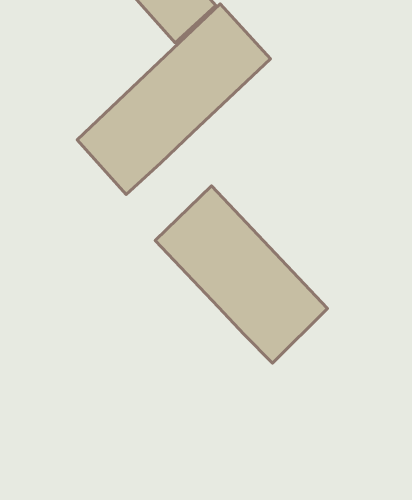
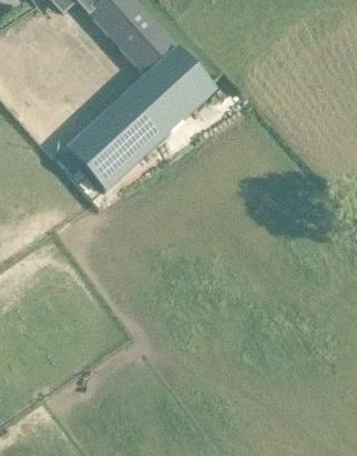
building: [155,186,328,363] -> none

